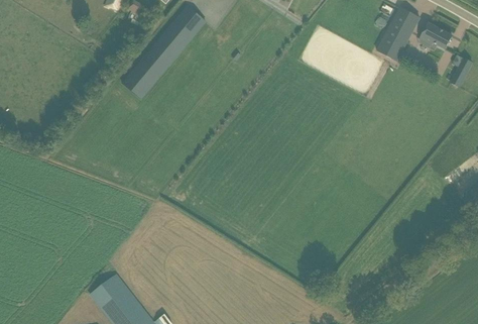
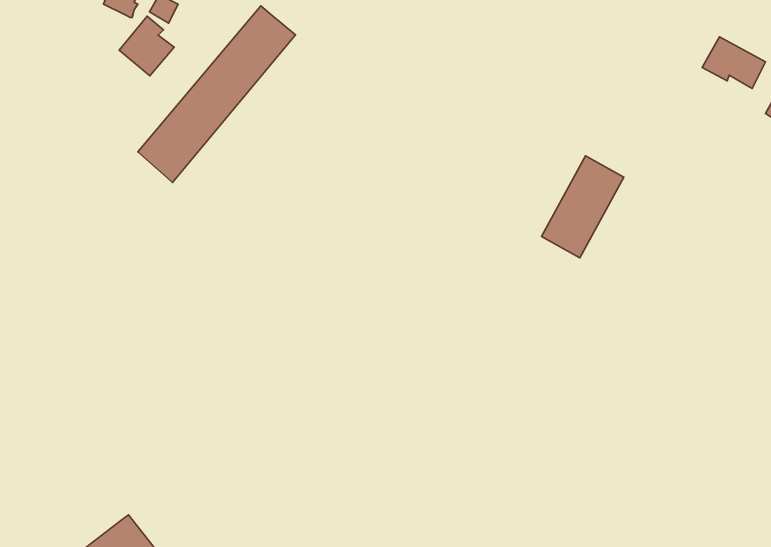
building: [375,6,419,60] -> [541,156,624,258]
building: none -> [119,16,174,76]

